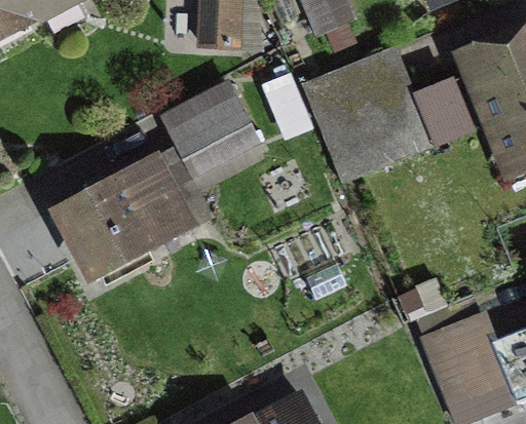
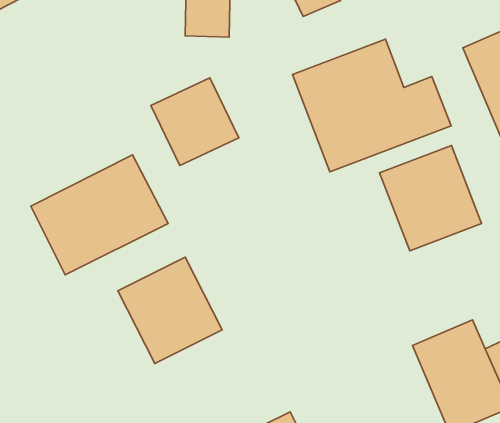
building: none -> [379,146,482,251]
building: none -> [118,257,222,364]

